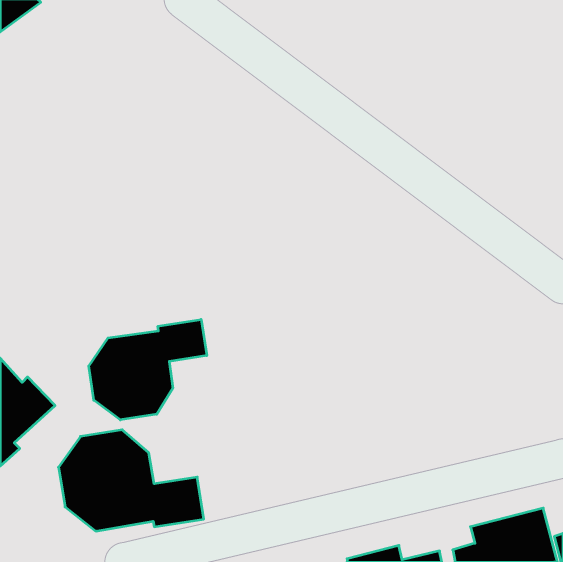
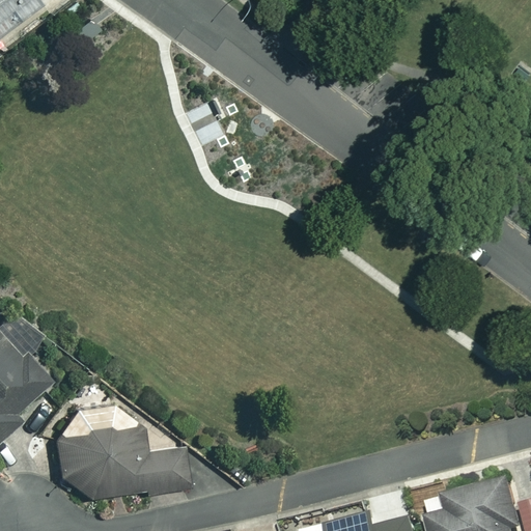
building: [89,319,207,420] -> none

